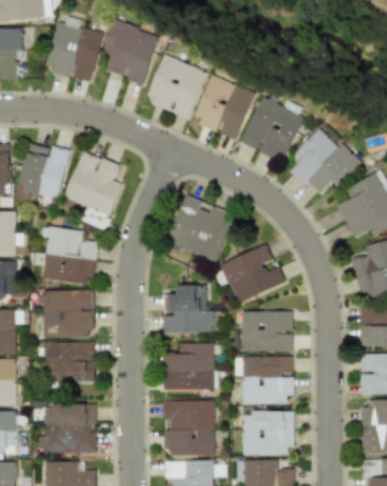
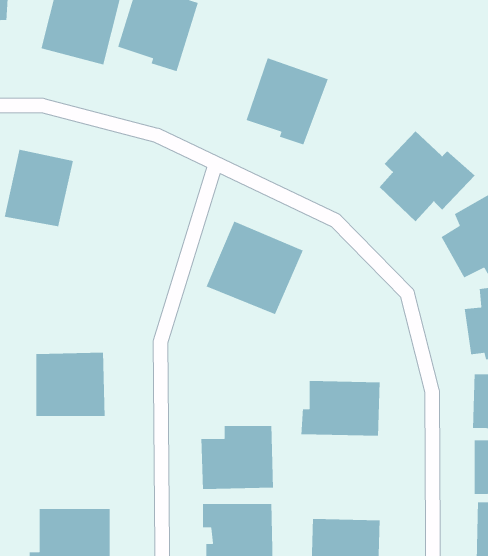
building: [146,55,207,120] -> none
building: [240,96,305,162] -> none
building: [64,150,121,215] -> none
building: [42,225,97,285] -> none
building: [221,245,285,303] -> none
building: [161,285,214,333] -> none
building: [44,342,95,382] -> none
building: [241,356,292,404] -> none

